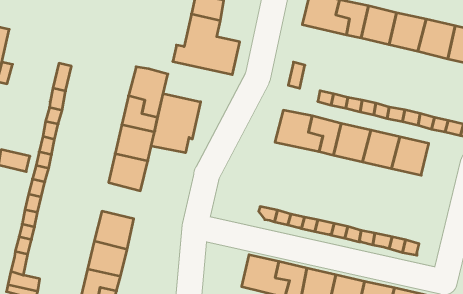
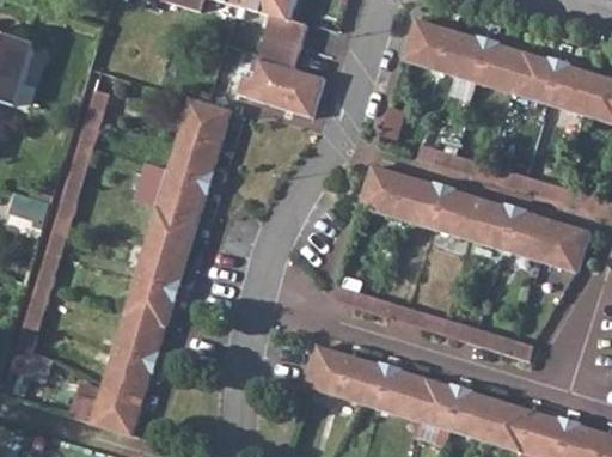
building: [151,93,201,153] -> none
building: none -> [540,220,589,272]
building: none -> [135,243,185,291]

